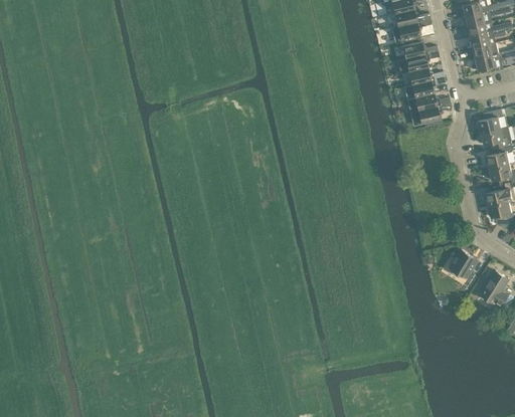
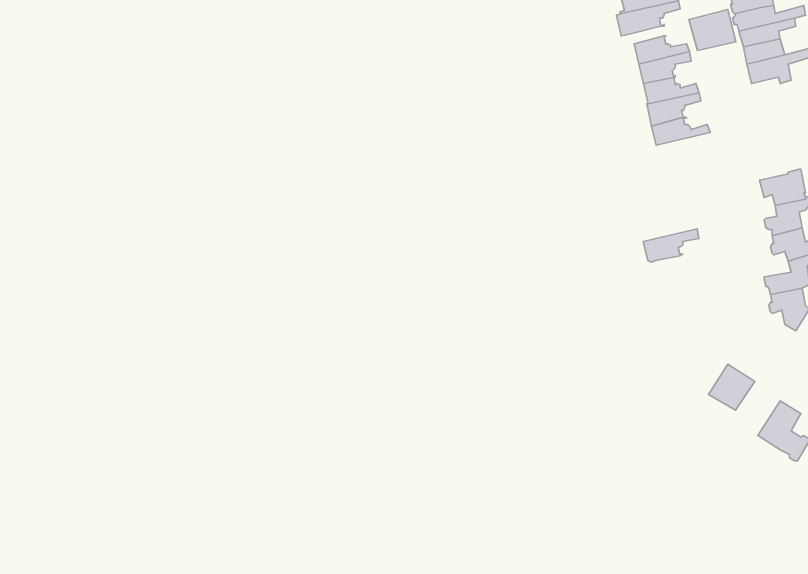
building: none -> [689,9,736,50]
building: [417,102,453,124] -> [643,229,699,262]
building: [478,110,508,133] -> none

